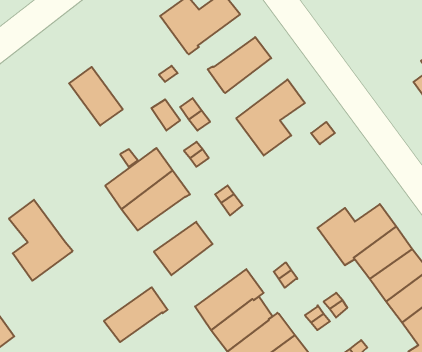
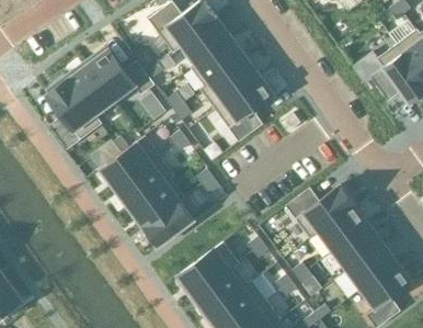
building: none -> [181,18,231,64]
building: none -> [88,48,155,101]
building: none -> [199,56,260,109]
building: [9,200,73,281] -> [46,78,102,149]
building: [104,287,168,342] -> [128,178,184,226]

